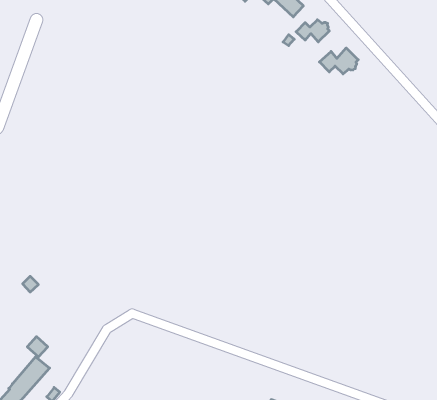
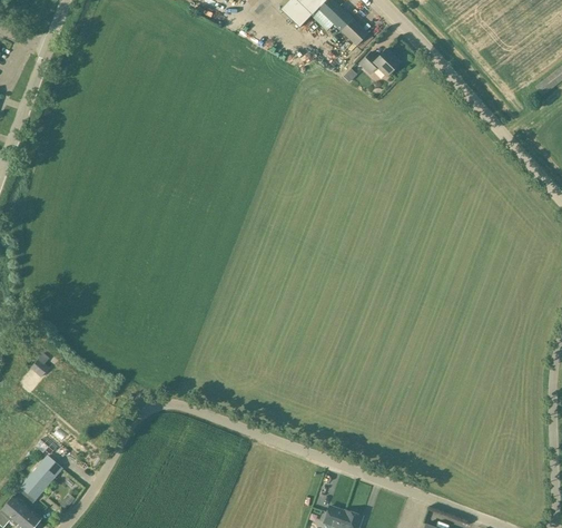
building: [319,48,358,74] -> none

